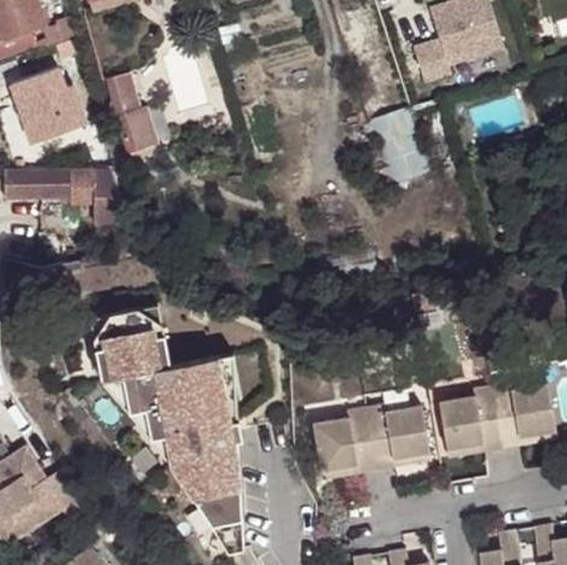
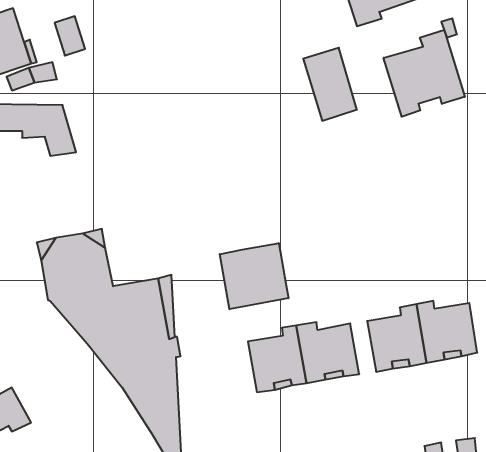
building: none -> [384,30,465,117]
building: [116,108,155,155] -> none
building: none -> [220,243,288,309]

